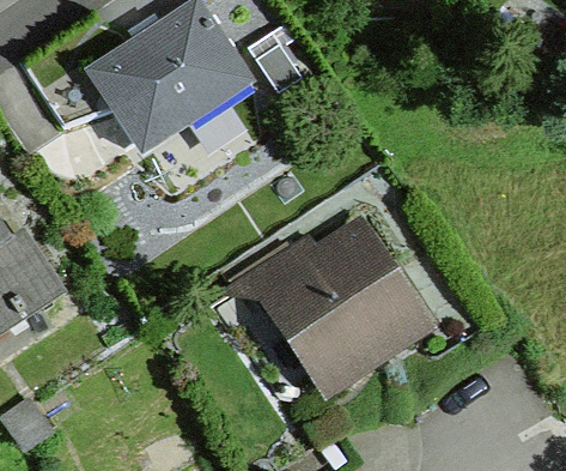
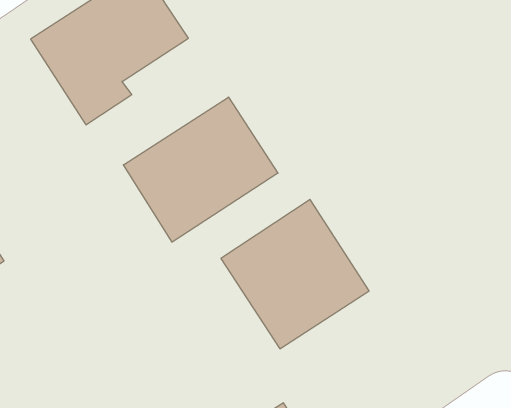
building: none -> [123,97,278,242]

